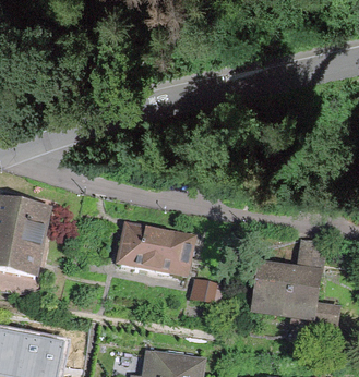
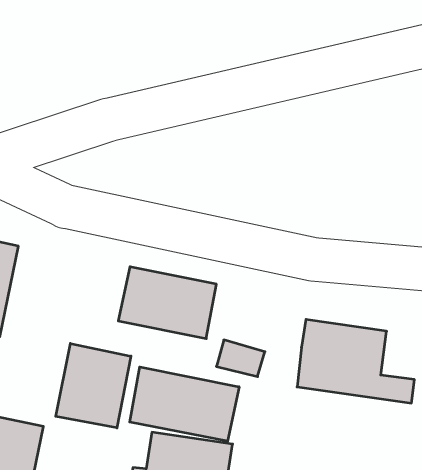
building: none -> [56,343,131,428]
building: none -> [130,367,239,441]

